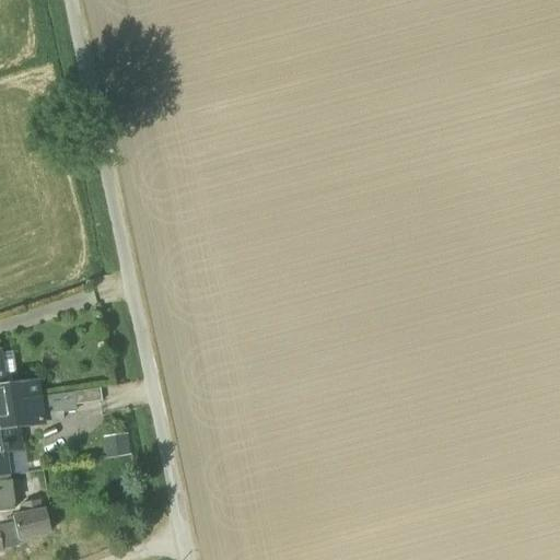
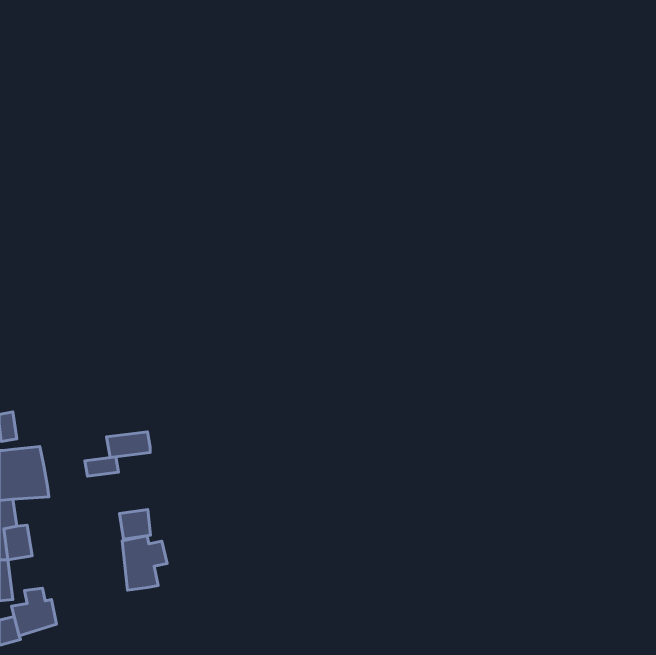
building: [37,392,74,413] -> [106,432,150,458]
building: none -> [122,536,167,590]

